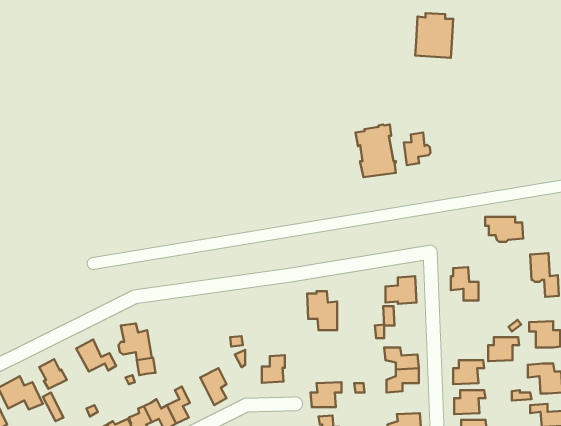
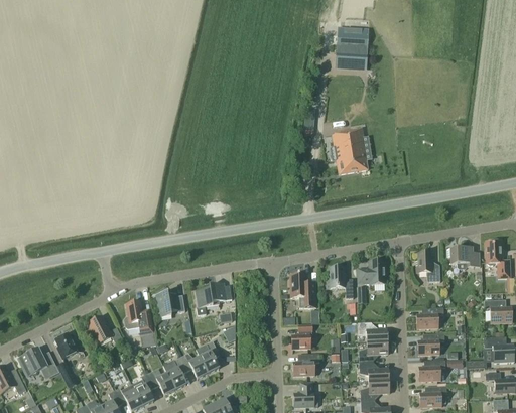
building: [415,13,453,58] -> [335,27,368,66]
building: [404,132,431,165] -> none
building: [485,217,523,242] -> [446,247,480,269]
building: none -> [326,266,353,298]
building: none -> [196,282,226,315]
building: none -> [155,291,184,316]
building: [488,337,519,361] -> [416,307,443,328]
building: [262,355,285,383] -> [291,324,311,349]
building: none -> [179,353,208,378]
building: none -> [359,361,388,381]

